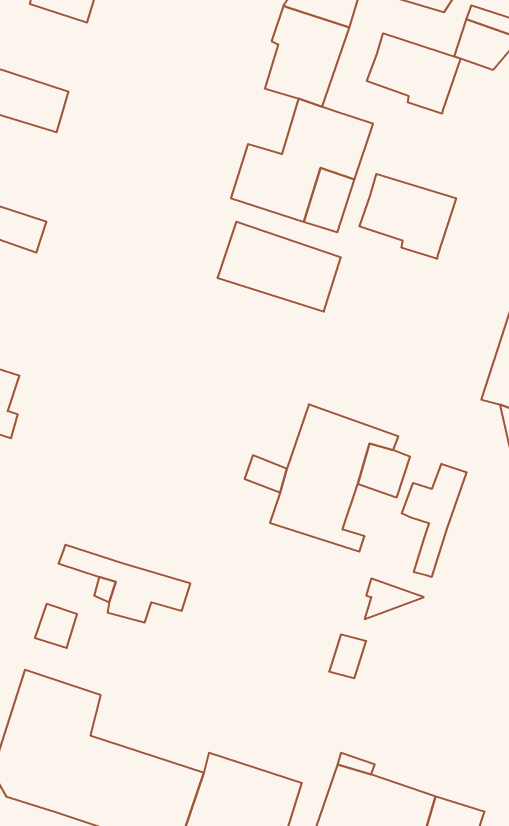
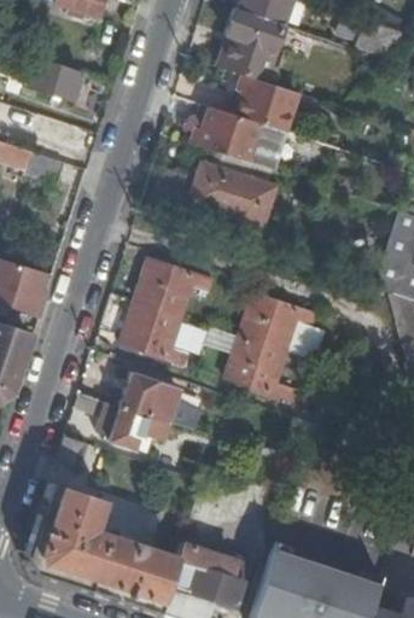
building: [367,33,461,114] -> none
building: [359,174,456,259] -> none
building: none -> [122,258,214,365]
building: [402,464,466,577] -> none
building: none -> [121,373,203,431]

